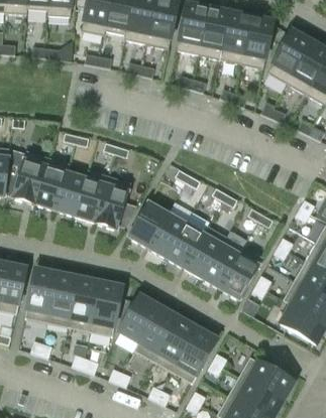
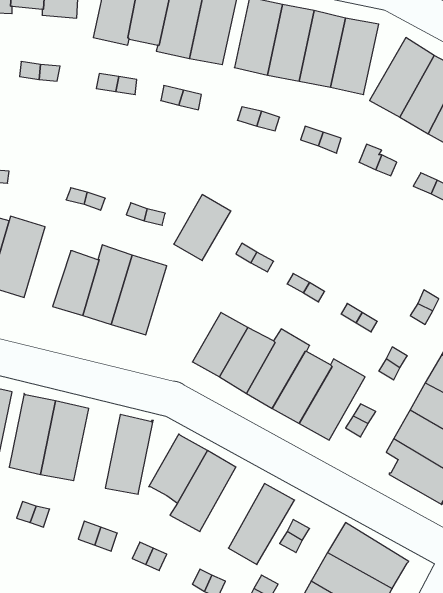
building: [35,156,70,210] -> none
building: [129,202,168,247] -> [174,195,231,261]
building: [69,278,100,331] -> none
building: [153,317,197,372] -> none

